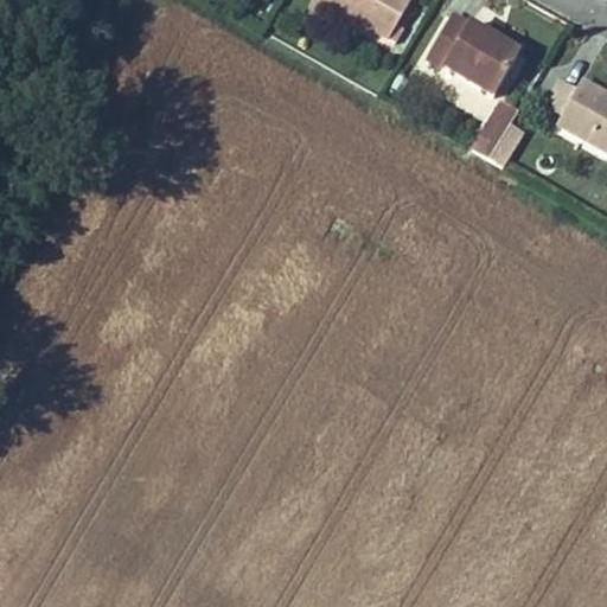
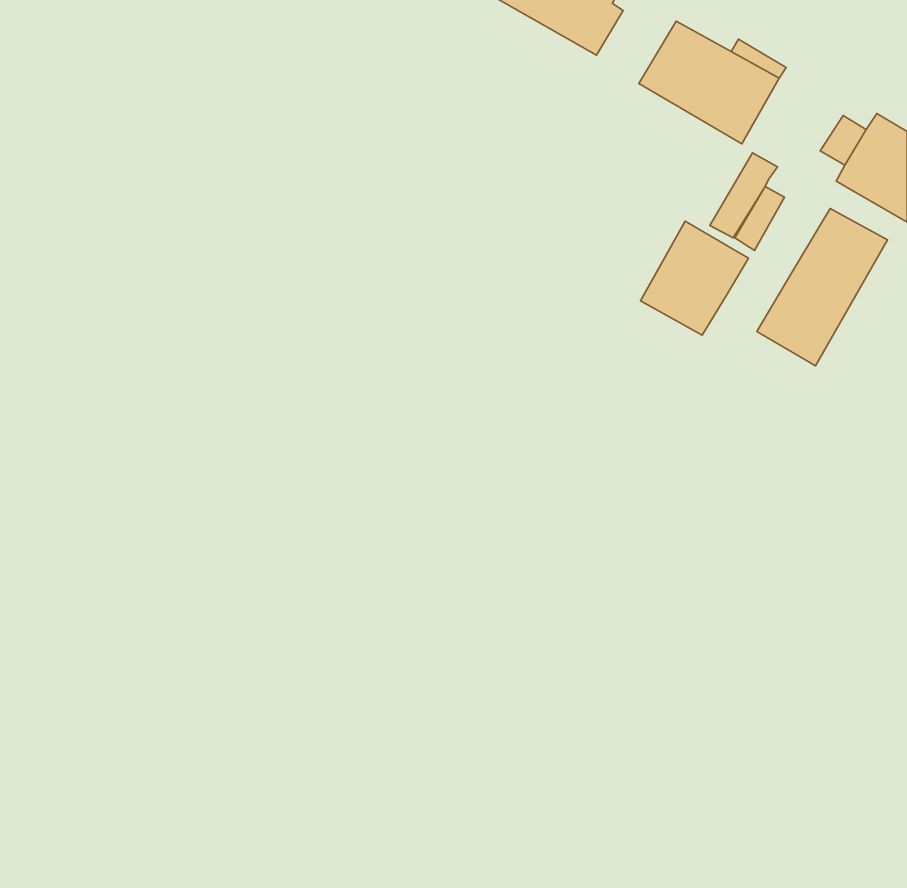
building: none -> [757,209,888,366]
building: none -> [641,221,749,335]

